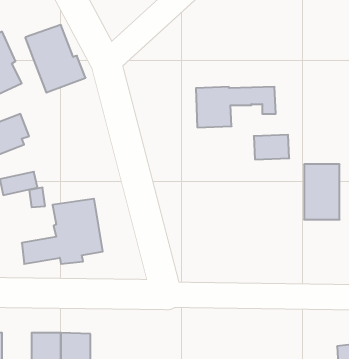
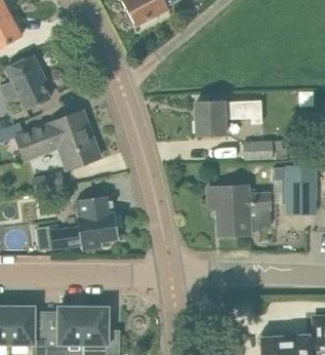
building: [25,25,86,93] -> [49,113,99,169]
building: none -> [207,187,271,235]

